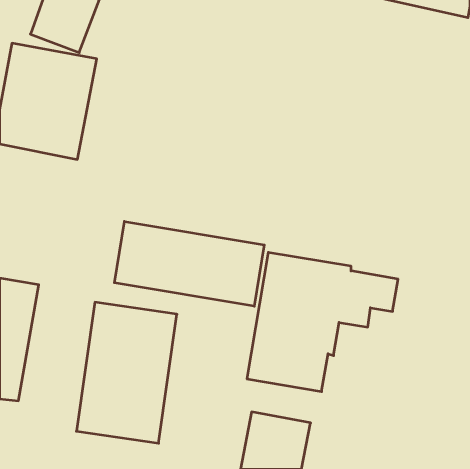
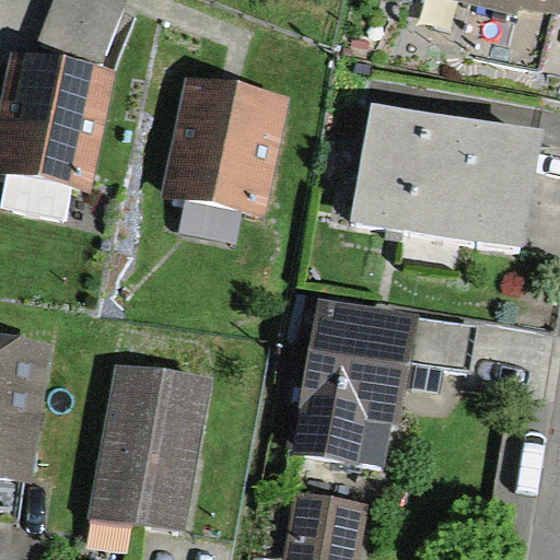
building: none -> [170,77,281,207]
building: none -> [352,107,540,253]
building: [114,221,264,306] -> none

